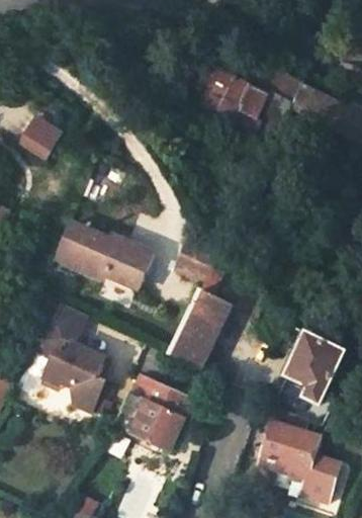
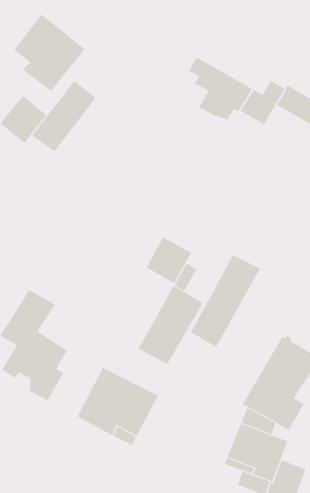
building: none -> [14,13,85,92]
building: none -> [31,80,96,152]
building: [53,222,151,291] -> none
building: none -> [190,254,261,348]

